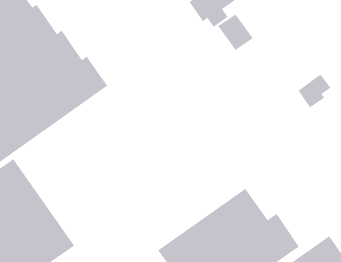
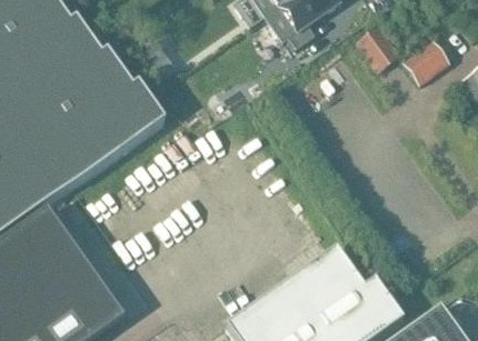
building: [217,13,254,51] -> [356,23,401,70]
building: [297,74,331,108] -> [404,39,446,82]

